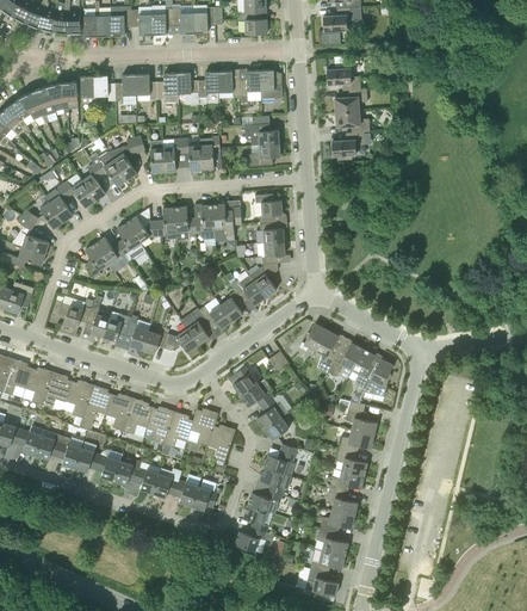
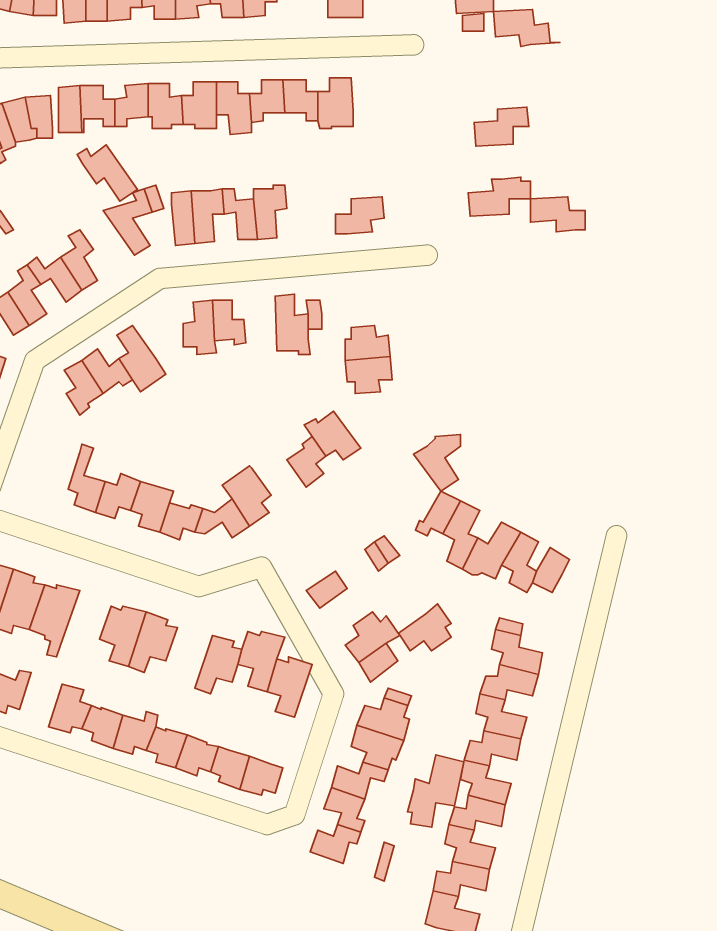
building: [327,68,367,91] -> [494,10,560,47]
building: [260,69,283,99] -> none
building: [336,111,370,132] -> [531,197,585,232]
building: [246,123,279,146] -> none
building: [91,152,128,186] -> [77,145,138,201]
building: [255,193,283,223] -> none
building: [194,204,215,239] -> none
building: [126,212,157,242] -> none
building: [249,263,278,297] -> [414,435,460,491]
building: [57,297,94,328] -> none
building: [199,297,232,328] -> none
building: [241,377,273,406] -> [398,604,451,651]
building: [80,384,113,430] -> none
building: [147,407,175,444] -> none
building: [57,434,83,468] -> none
building: none -> [408,755,464,827]

